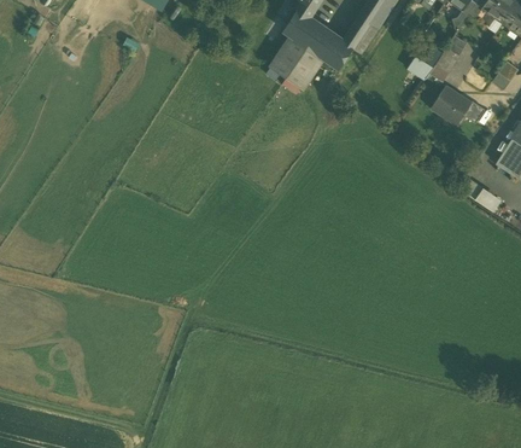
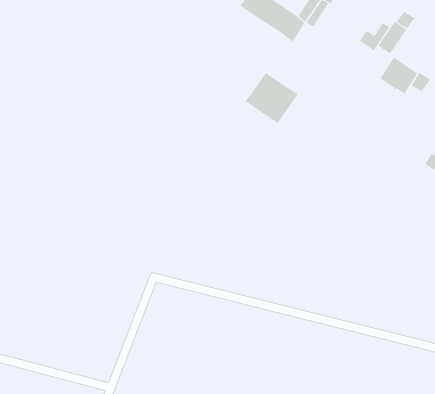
building: [268,36,324,91] -> [245,72,299,124]

